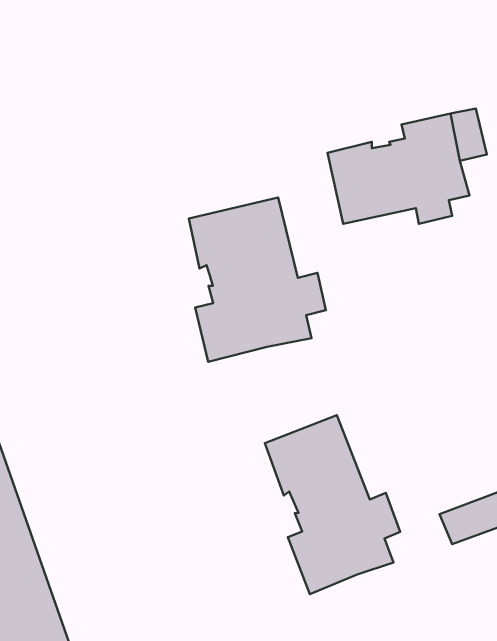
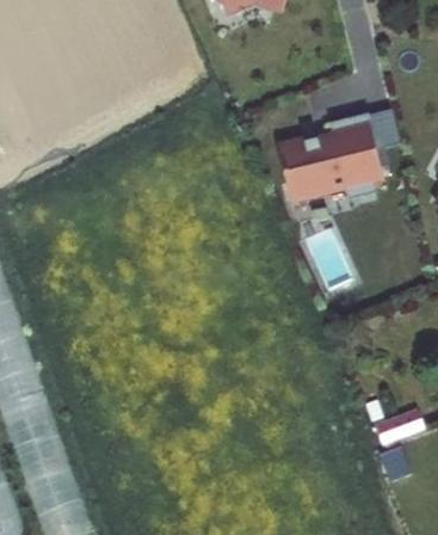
building: [189,197,326,362] -> none
building: [265,415,400,594] -> none

